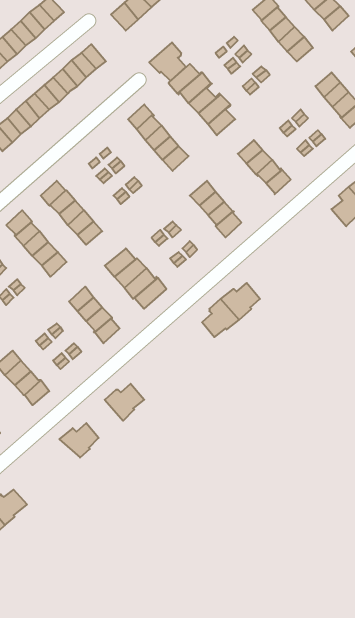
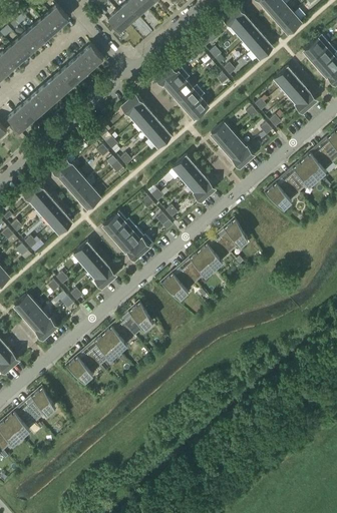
building: [149,42,186,81] -> none
building: none -> [264,178,299,207]
building: none -> [218,219,247,251]
building: none -> [159,271,192,299]
building: none -> [123,302,151,334]
building: none -> [87,334,117,365]
building: none -> [28,387,56,419]

